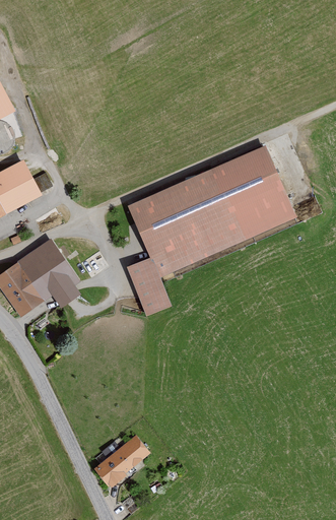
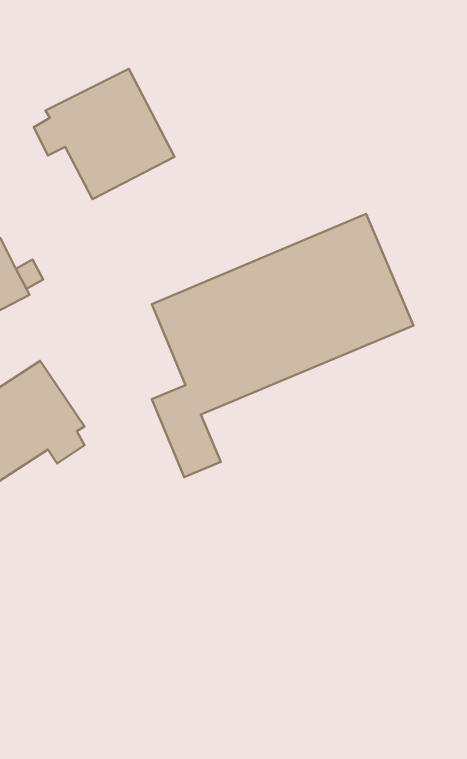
building: none -> [34,69,174,199]
building: [95,436,150,485] -> none

